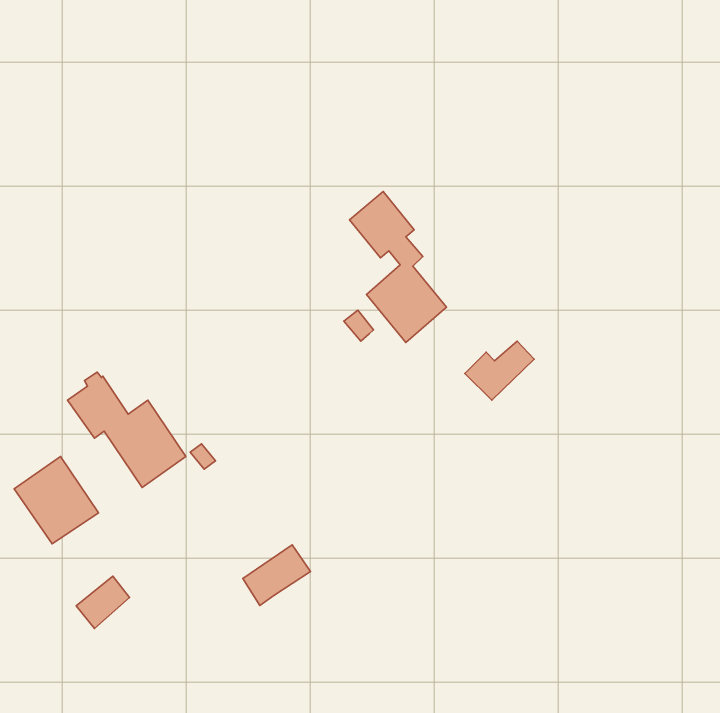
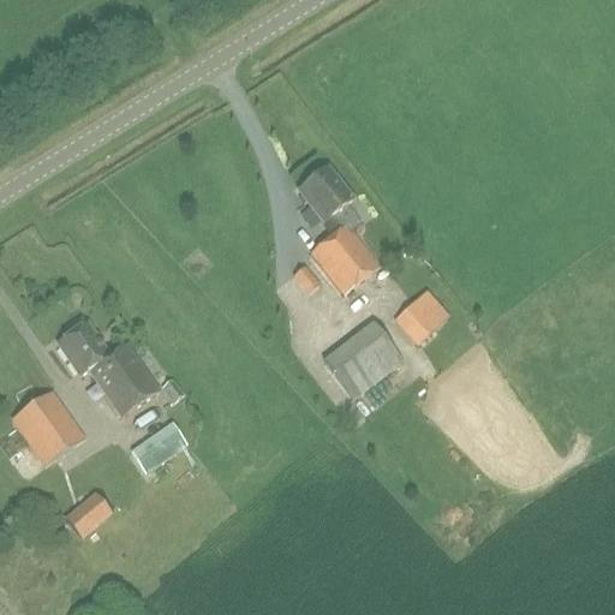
building: none -> [324,322,402,395]
building: [243,545,310,605] -> [130,420,187,472]

